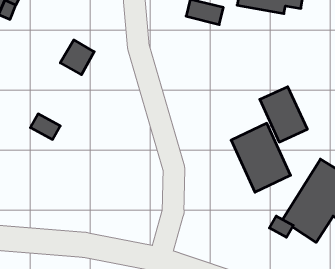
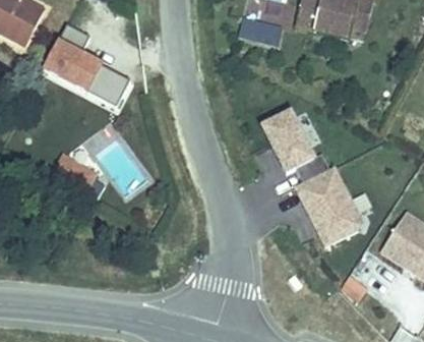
building: none -> [41,38,104,92]
building: [260,87,307,142] -> [260,108,317,174]

